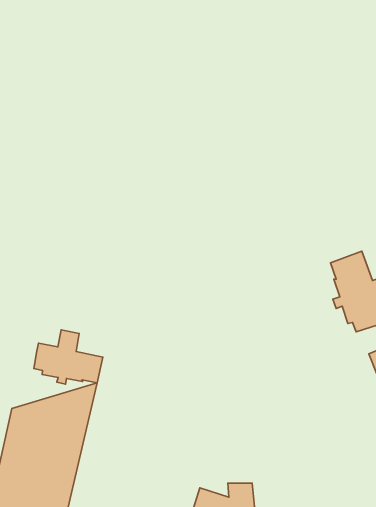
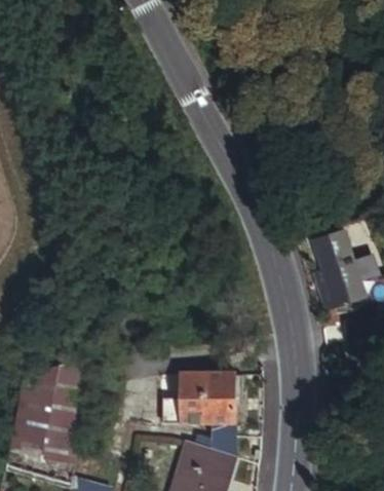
building: [34,330,103,384] -> none
building: none -> [161,372,236,437]

